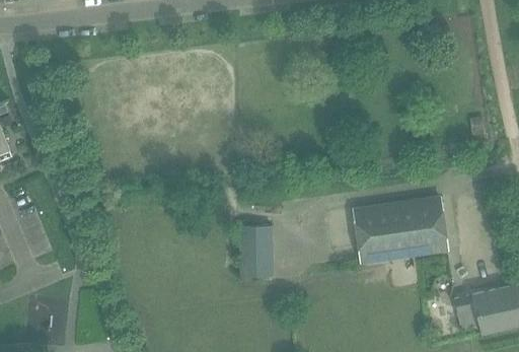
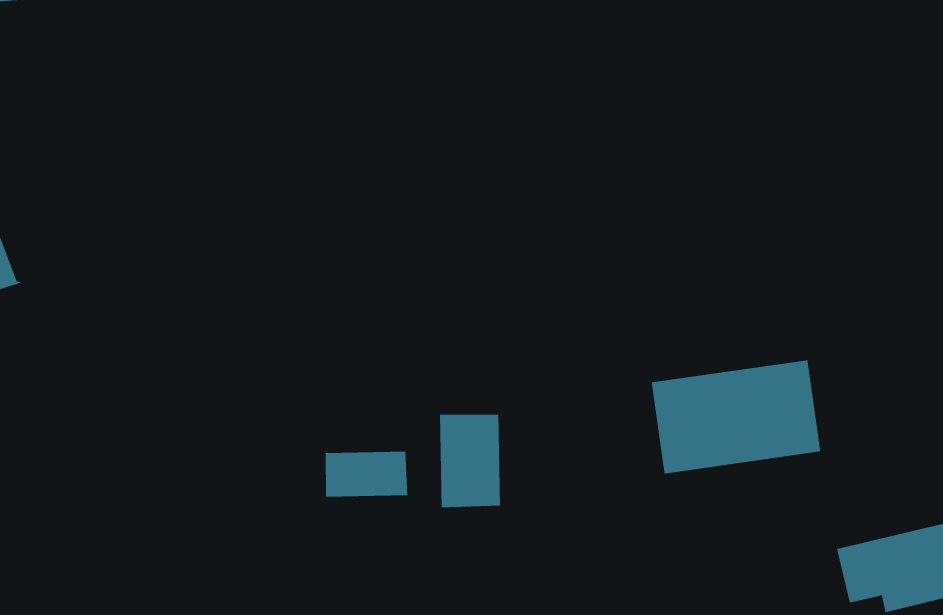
building: none -> [325,451,408,498]

